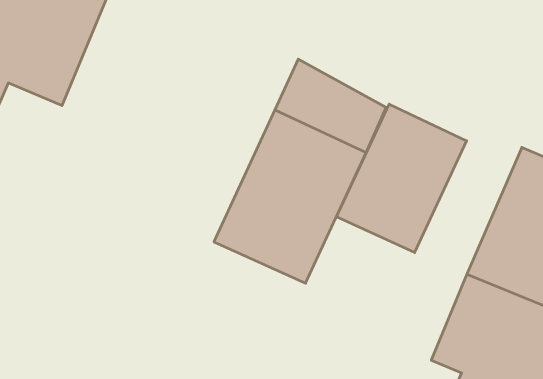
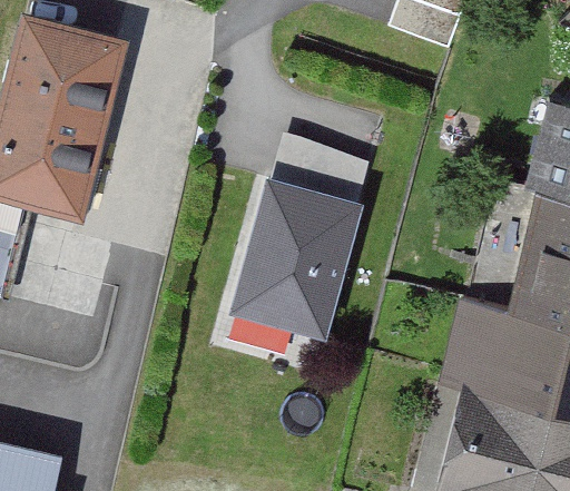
building: [336,104,467,253] -> none

